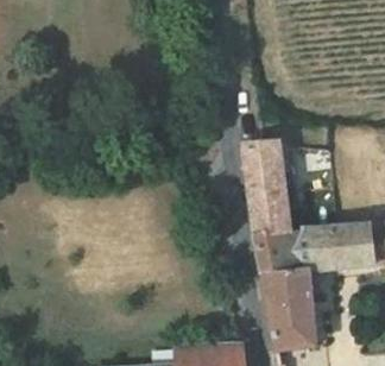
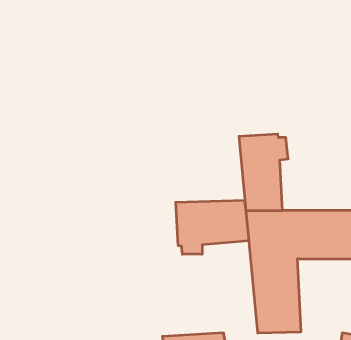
building: none -> [176,200,249,254]

